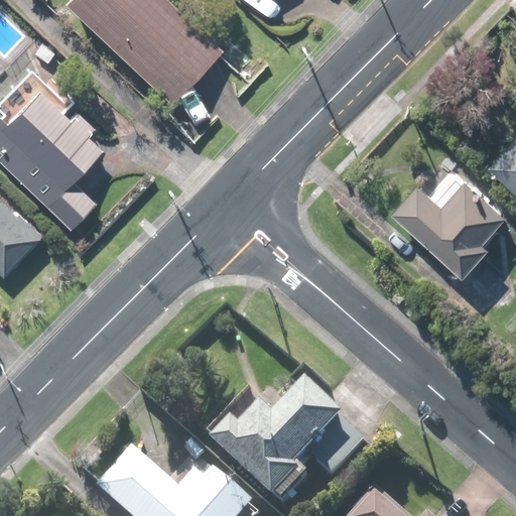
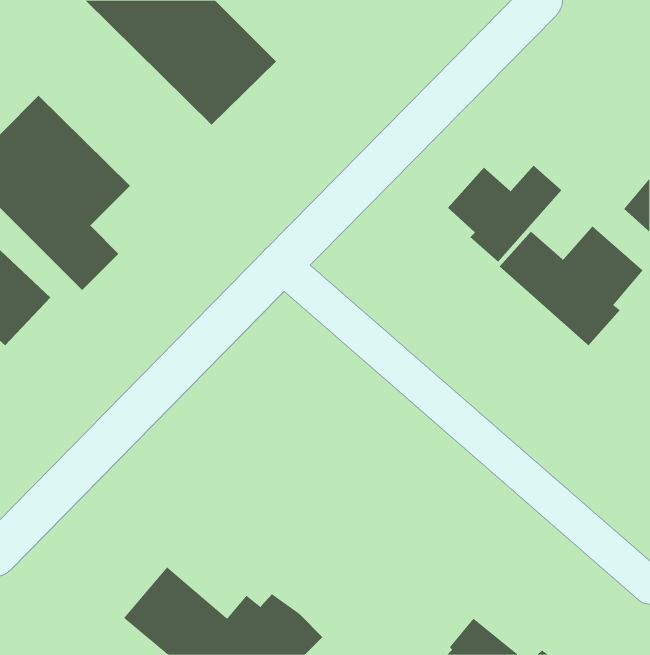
building: none -> [447,165,562,263]
building: [211,376,363,499] -> none

